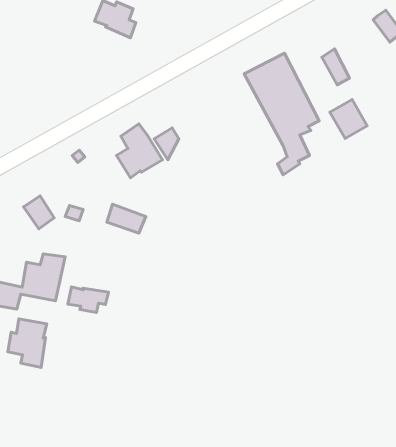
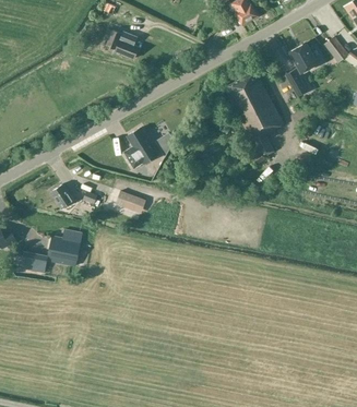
building: [330,100,367,138] -> [288,43,318,73]
building: [68,287,108,312] -> none
building: [8,319,47,367] -> none

